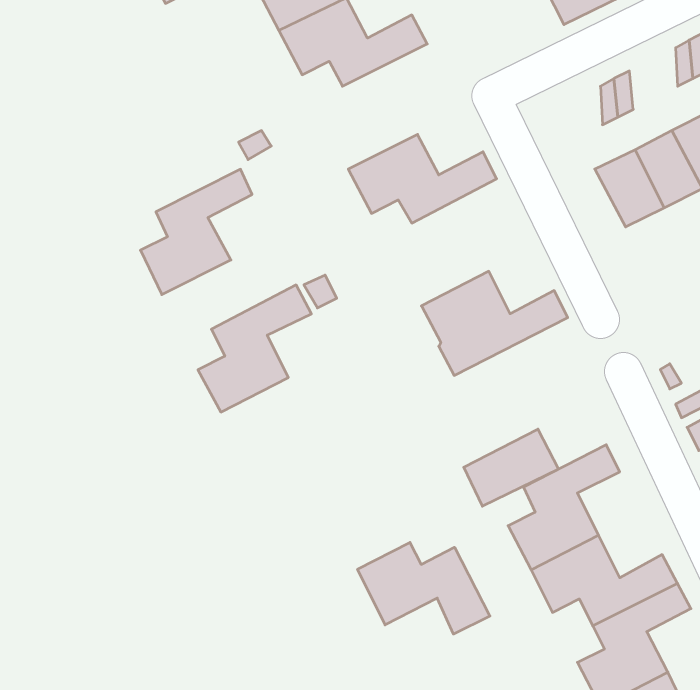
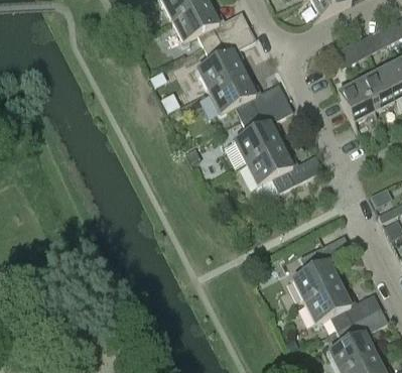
building: [140,169,252,295] -> [197,25,256,91]
building: [198,285,311,412] -> [235,96,294,162]
building: [464,429,559,506] -> none
building: [358,542,490,634] -> none

